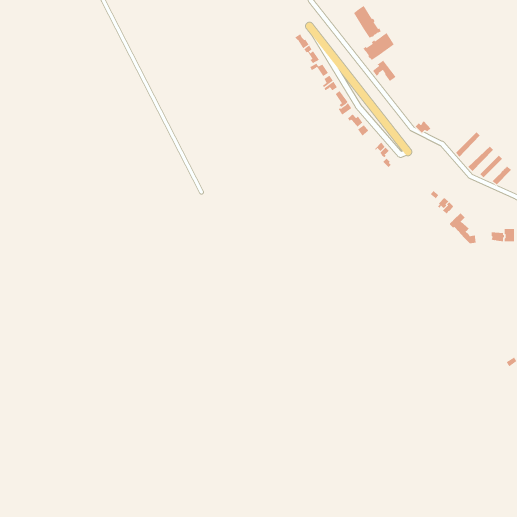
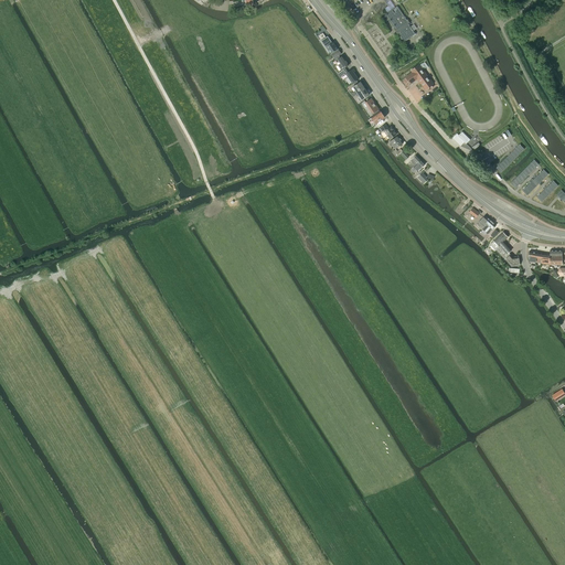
building: [363,32,394,61] -> none

